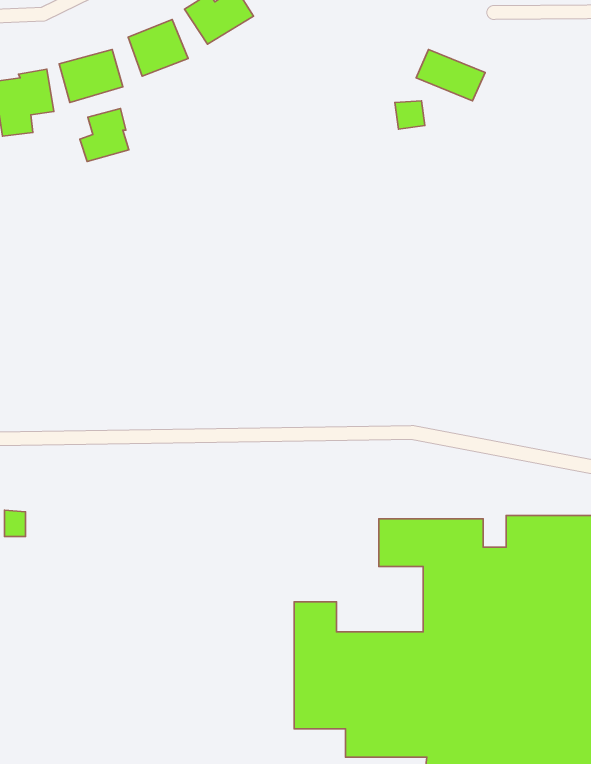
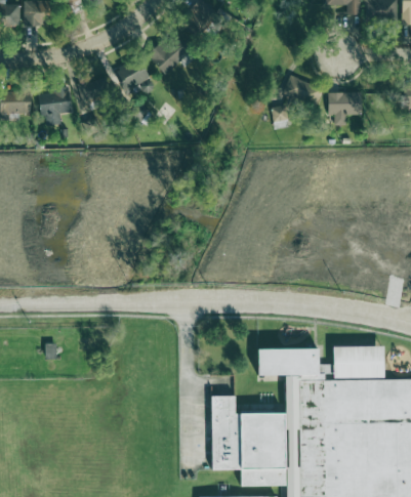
building: none -> [328,92,363,125]
building: [80,108,129,161] -> none

